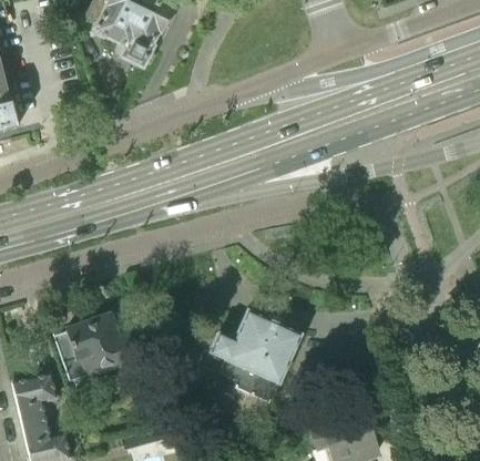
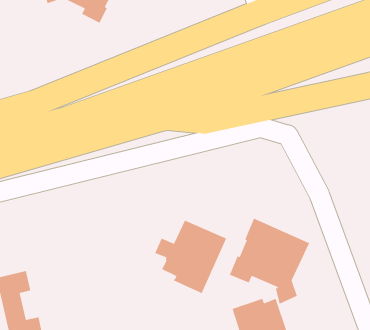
building: none -> [229,218,310,305]
building: [53,311,144,380] -> none

